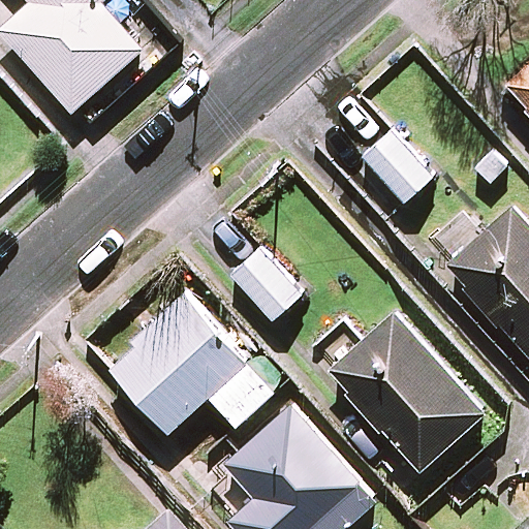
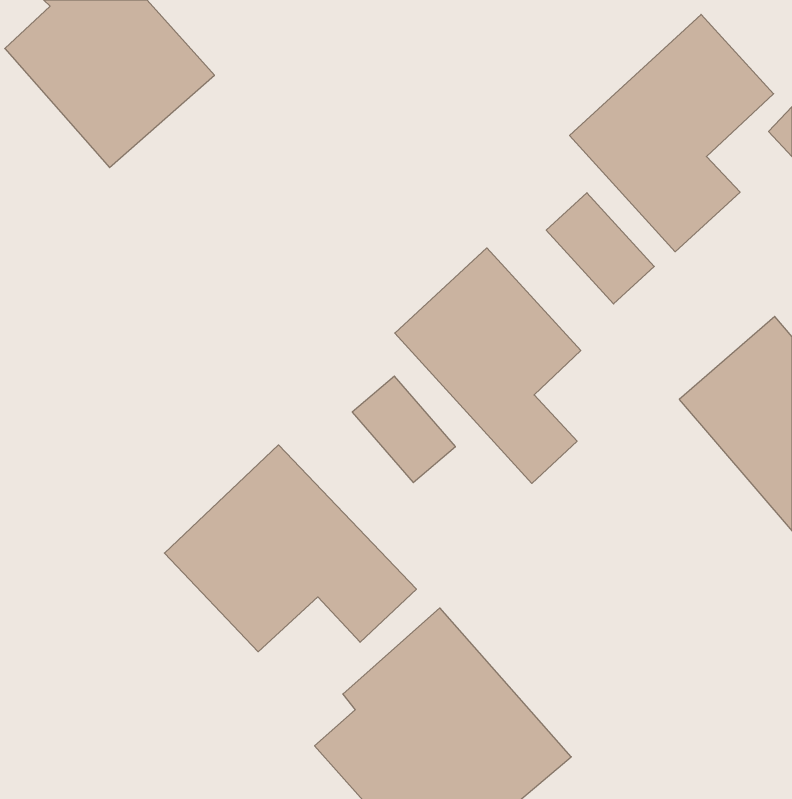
building: none -> [570,14,774,252]
building: none -> [395,248,581,483]
building: [330,312,486,471] -> none

